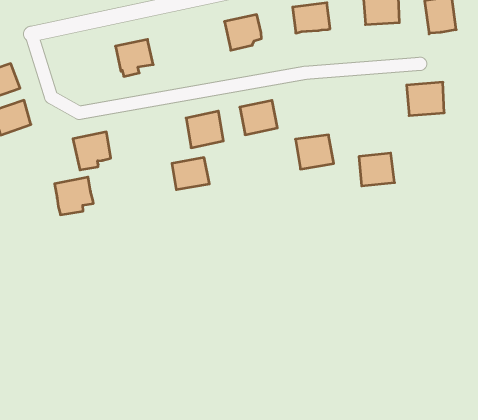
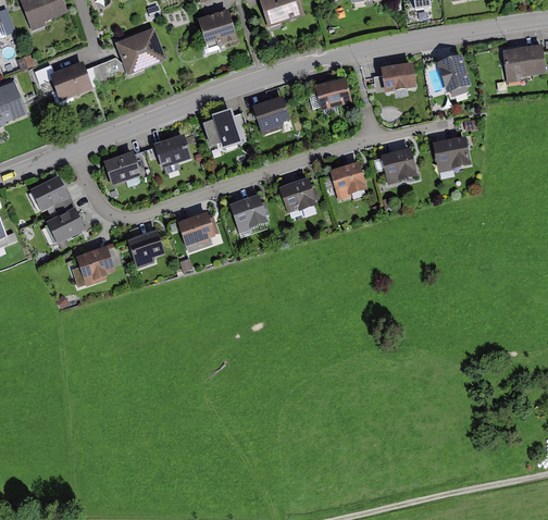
building: none -> [202,112,242,151]
building: none -> [103,152,141,185]
building: [295,135,334,169] -> [328,161,368,197]
building: [359,153,395,186] -> [381,147,418,182]
building: [172,158,209,190] -> [177,211,215,245]
building: [55,177,93,215] -> [76,245,115,284]

